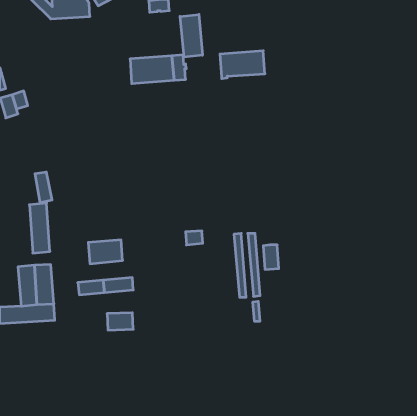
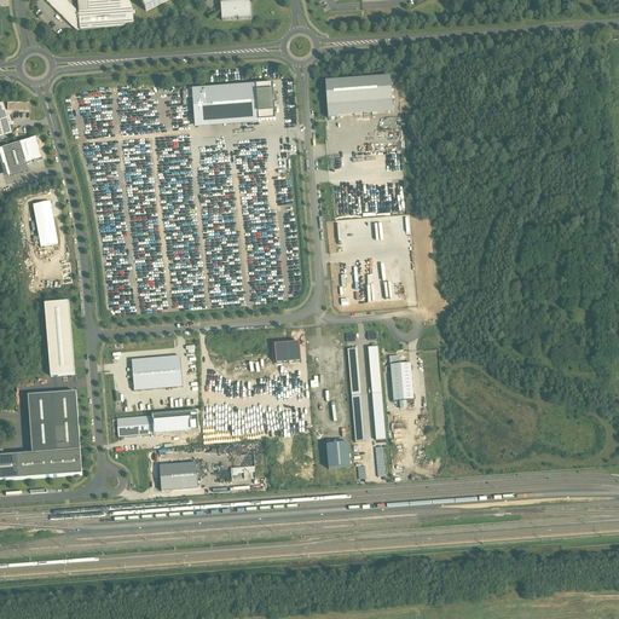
building: [180,14,202,57] -> none
building: [35,172,52,202] -> [31,199,57,244]
building: none -> [325,441,349,467]

